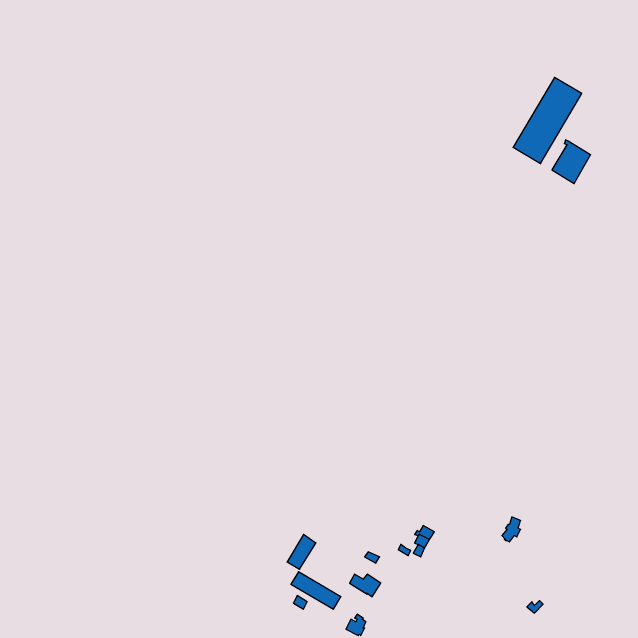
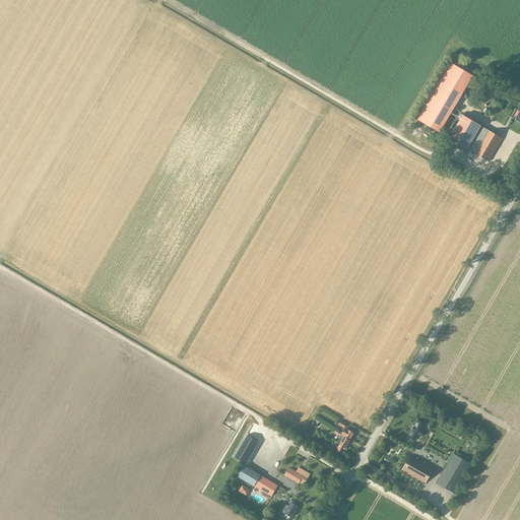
building: none -> [468,127,502,161]
building: none -> [436,453,471,494]
building: none -> [401,455,434,483]

